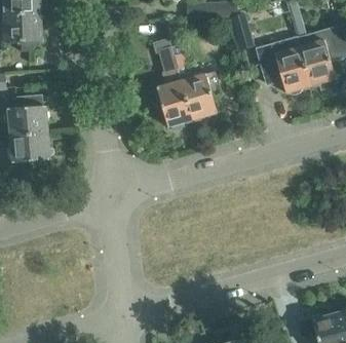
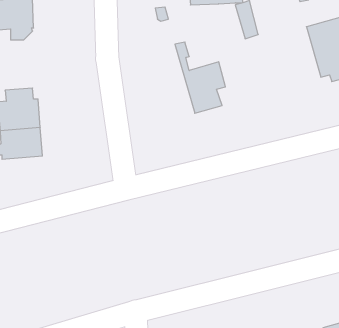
building: [256,36,310,94] -> none
building: [153,38,192,126] -> none

